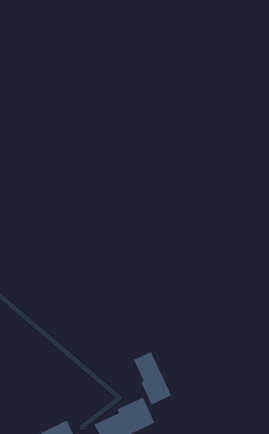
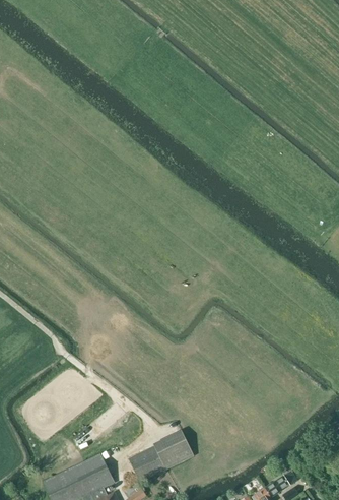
building: [133,351,172,406] -> none

